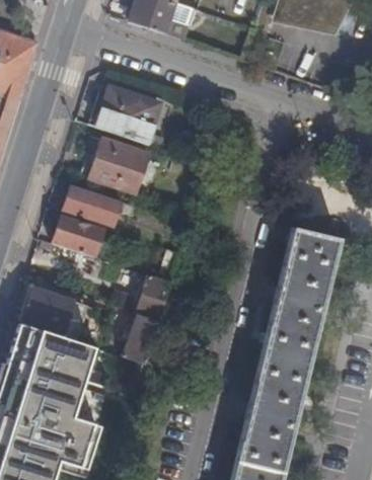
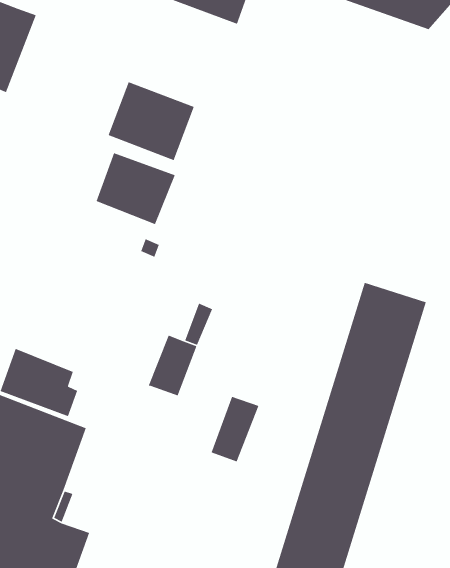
building: [64,184,121,224] -> none
building: [54,214,103,255] -> none
building: [125,312,159,362] -> [210,396,259,463]

